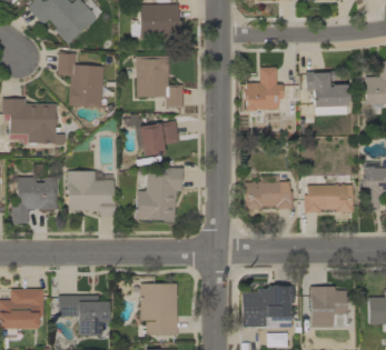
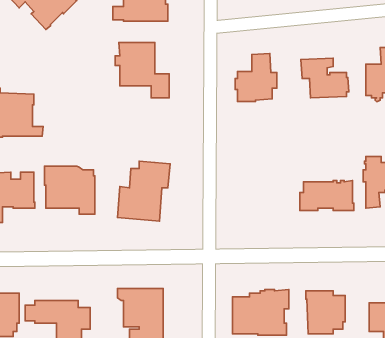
building: [57,52,103,108] -> none
building: [122,117,179,157] -> none
building: [244,176,293,210] -> none

